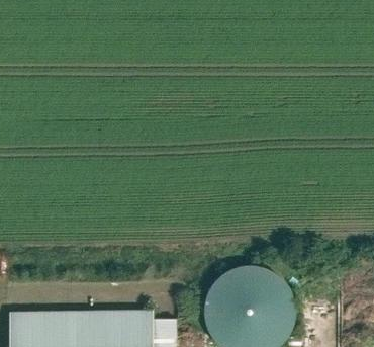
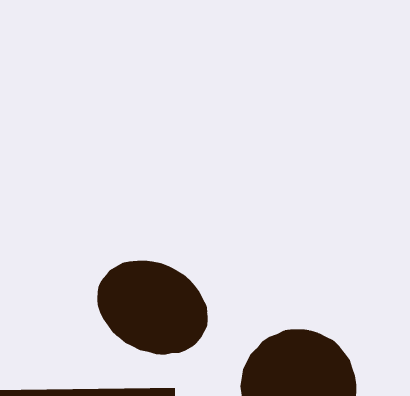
building: none -> [97,260,208,355]

